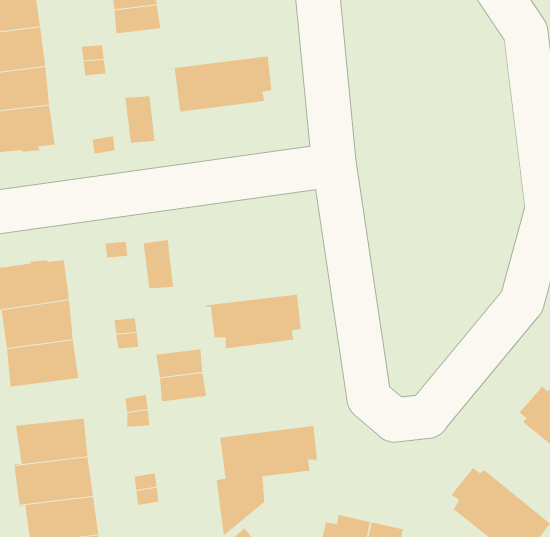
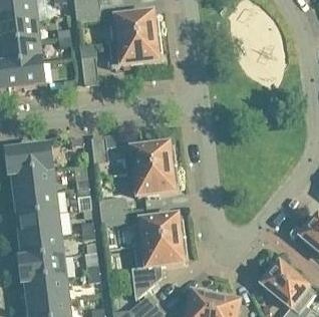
building: none -> [105,11,161,41]
building: none -> [125,142,177,172]
building: none -> [18,212,59,238]
building: none -> [130,214,186,245]

